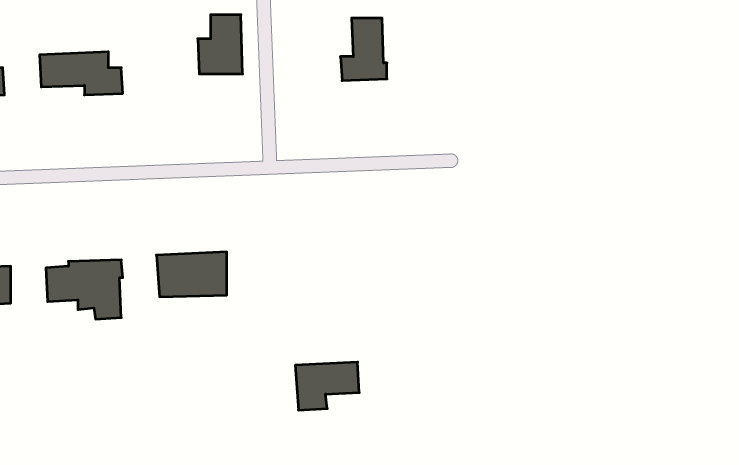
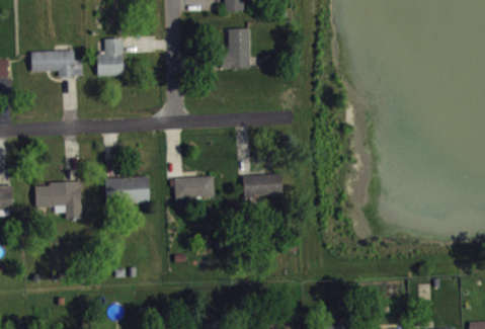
building: [198,15,243,74] -> [96,38,125,76]
building: none -> [242,173,281,198]
building: [295,362,359,410] -> [173,176,214,207]

